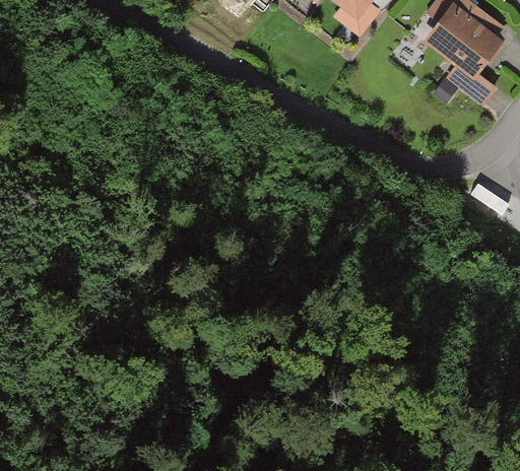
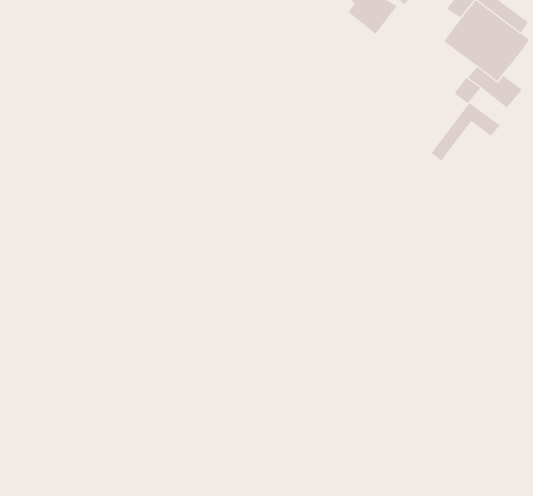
building: none -> [431,102,501,162]

